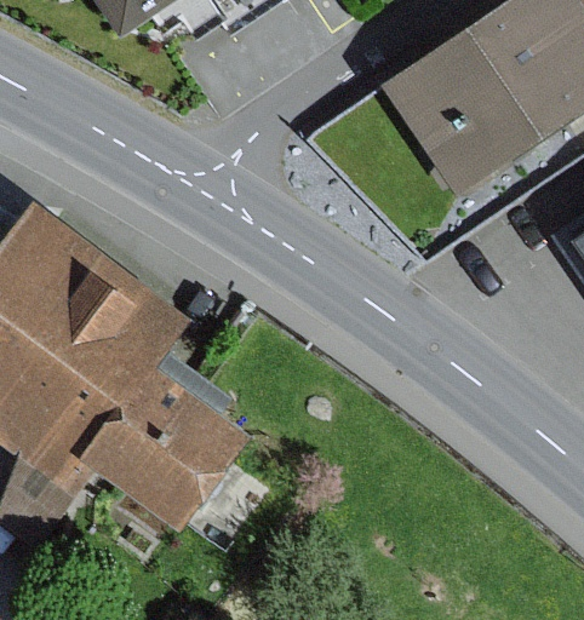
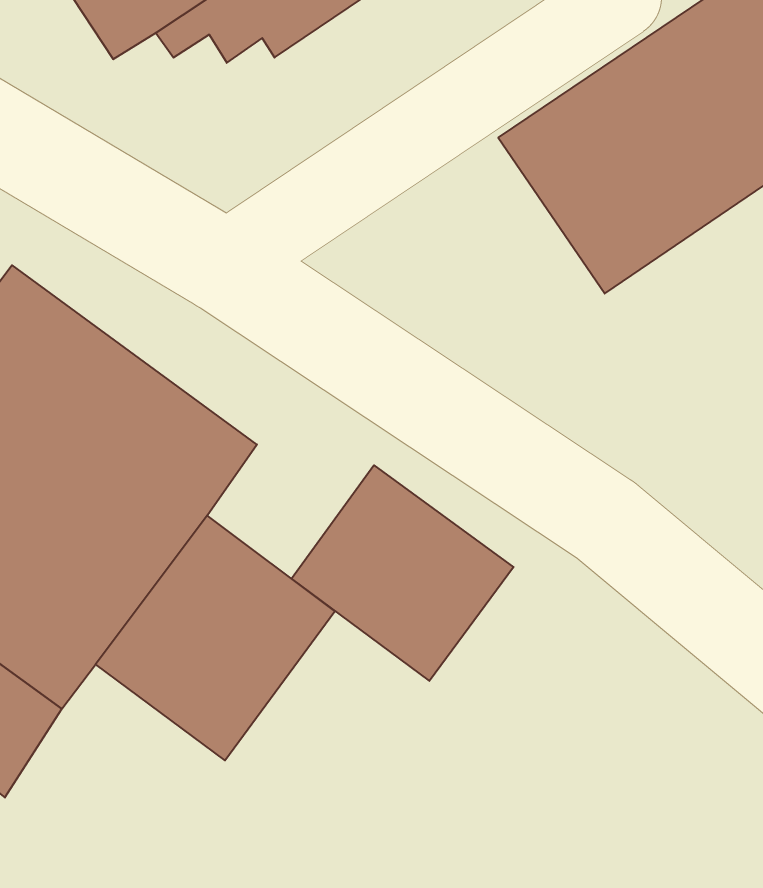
building: none -> [291,465,514,681]

